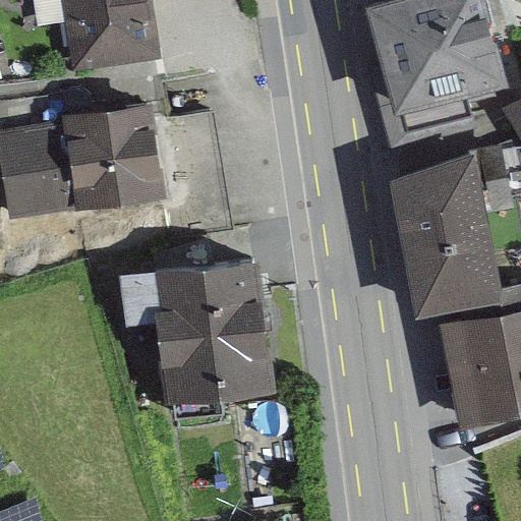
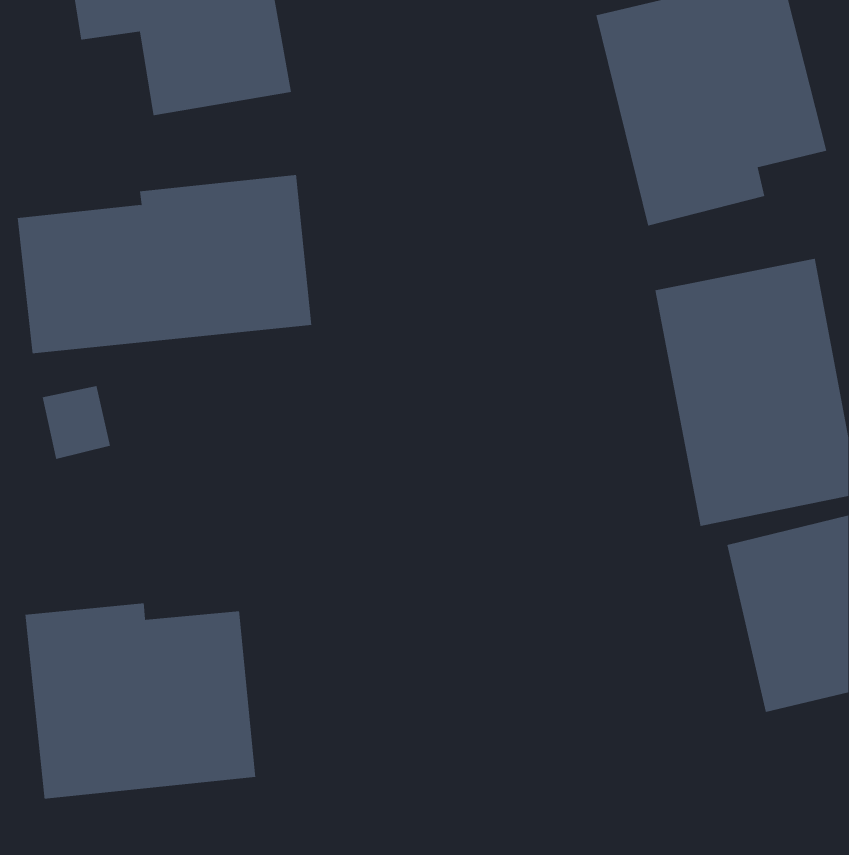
building: [119,262,269,407] -> none
building: none -> [25,603,256,799]

